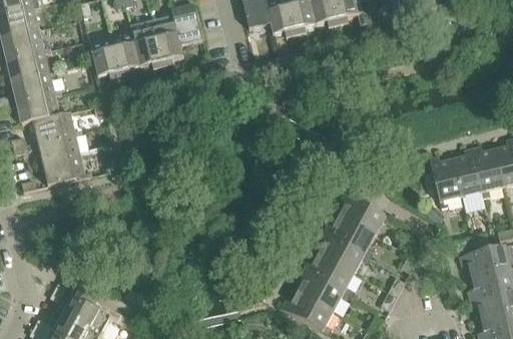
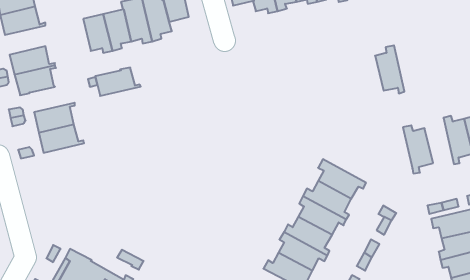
building: [6,49,50,80] -> none
building: [32,111,80,141] -> [95,68,141,96]
building: [452,147,483,199] -> [375,45,404,93]

